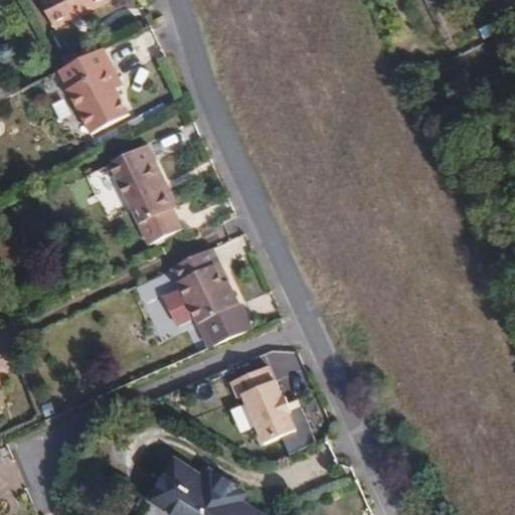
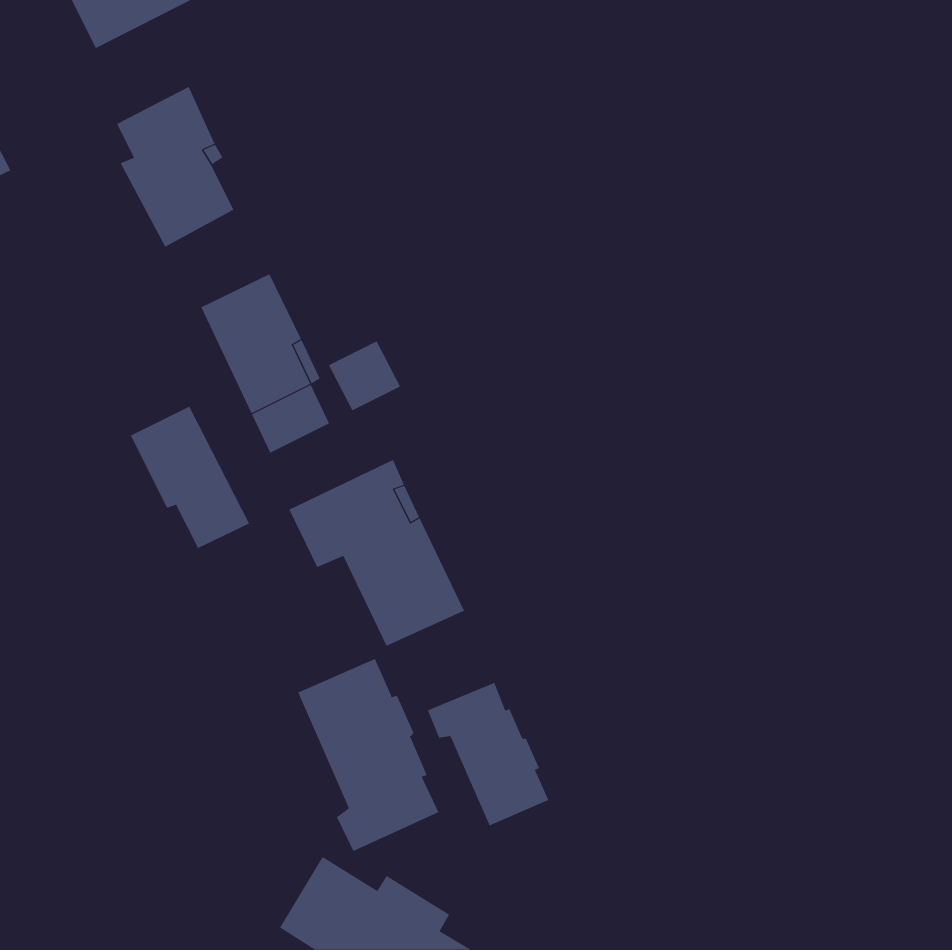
building: none -> [328,340,401,411]
building: none -> [130,406,250,549]
building: none -> [297,658,439,852]

